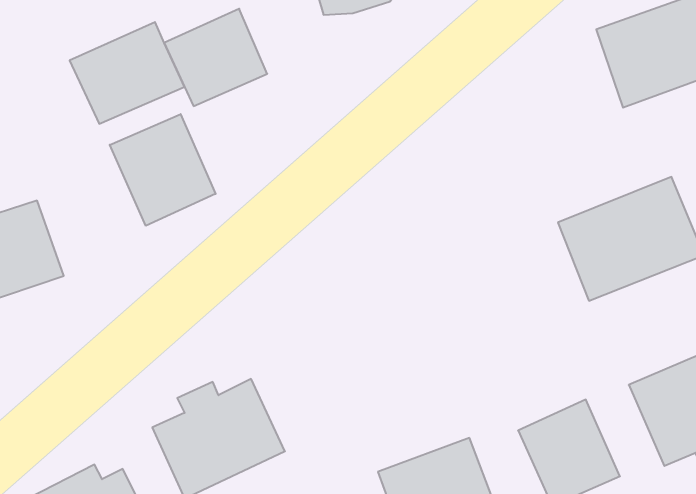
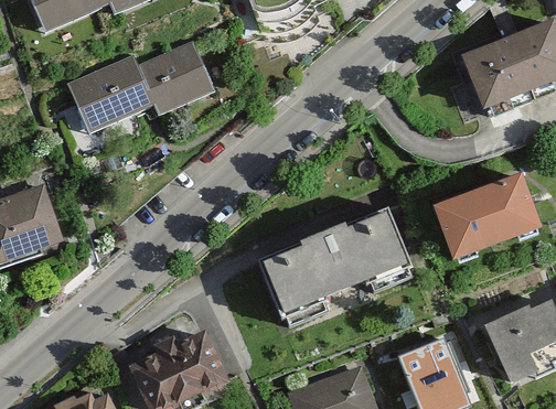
building: [110,114,216,226] -> none
building: none -> [259,205,414,330]

